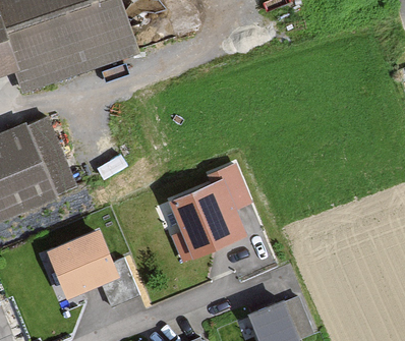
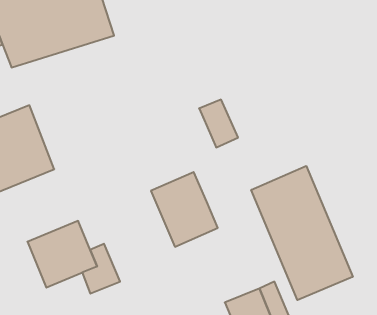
building: [212,167,251,216] -> [199,100,238,147]
building: none -> [251,166,353,300]

